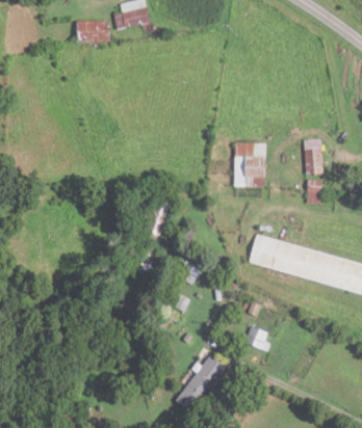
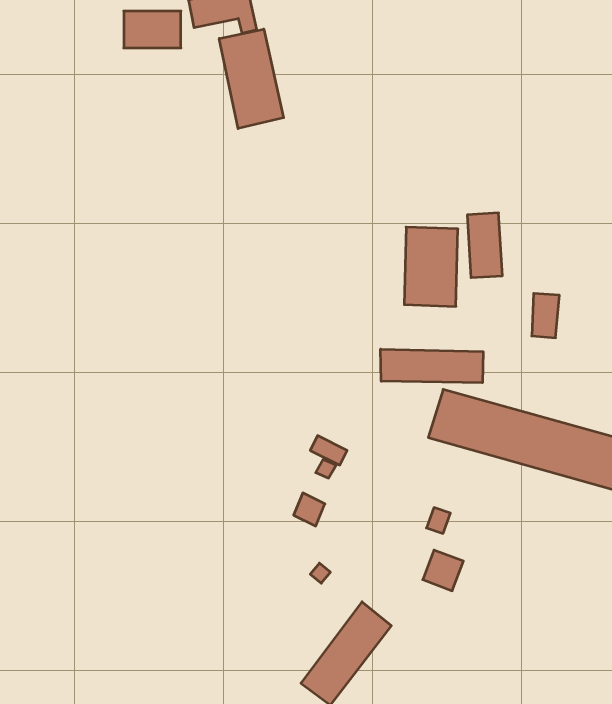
building: none -> [219,29,284,129]
building: [303,138,322,175] -> [467,213,502,278]
building: none -> [381,349,483,383]

